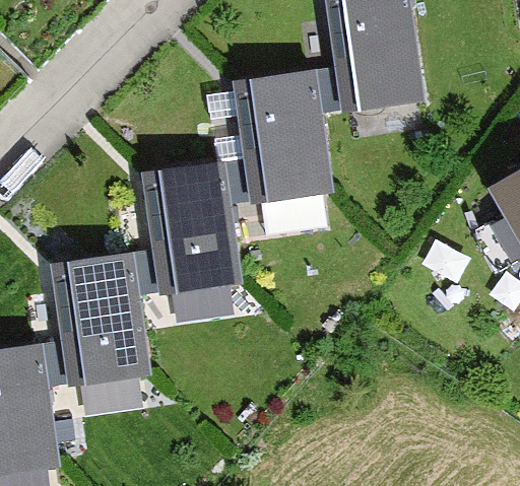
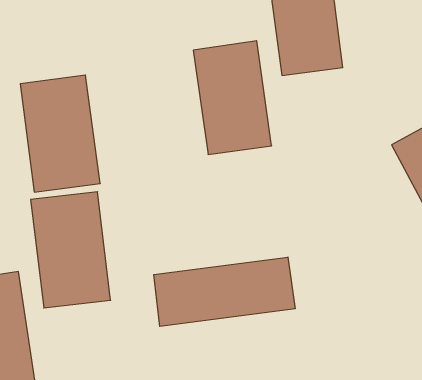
building: [150,159,244,296] -> [20,75,100,192]
building: none -> [154,257,295,326]

